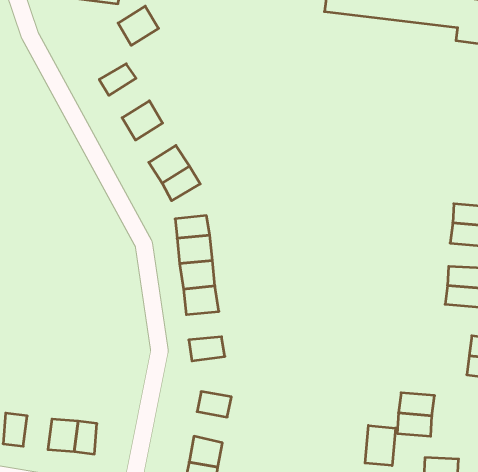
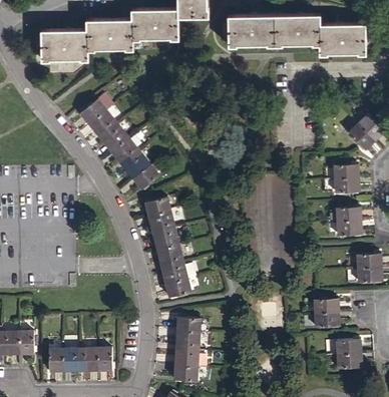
building: [118,6,159,45] -> [88,109,116,137]
building: none -> [110,137,138,165]
building: none -> [160,261,186,283]
building: none -> [176,331,198,350]
building: none -> [61,349,78,370]
building: [365,425,395,466] -> none

